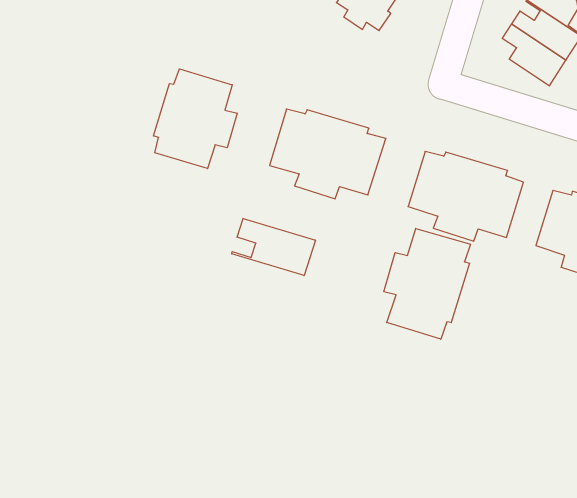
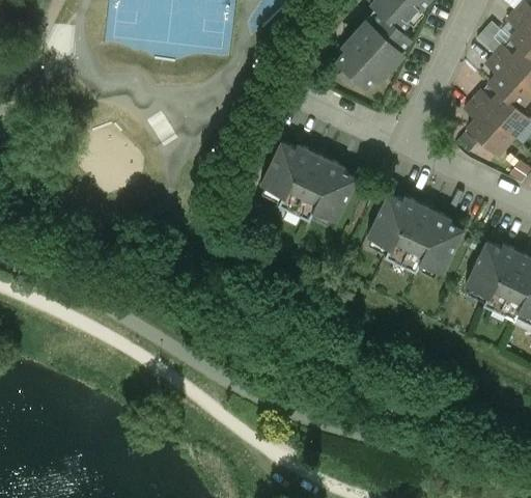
building: [153,69,237,169] -> none
building: [232,218,315,276] -> none
building: [384,228,471,339] -> none

